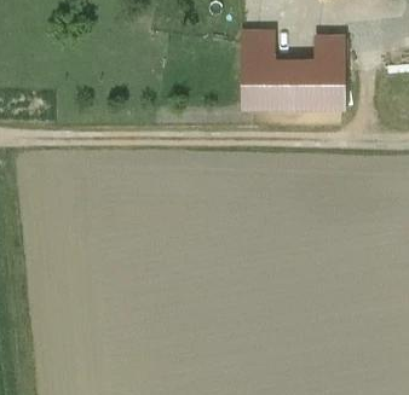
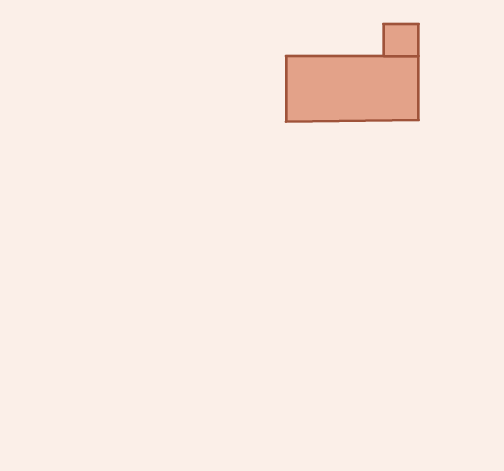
building: [246,33,275,60] -> none

